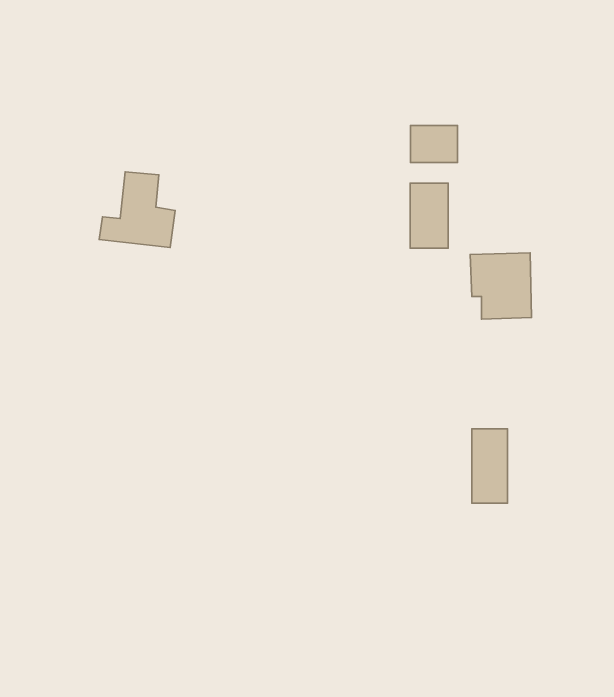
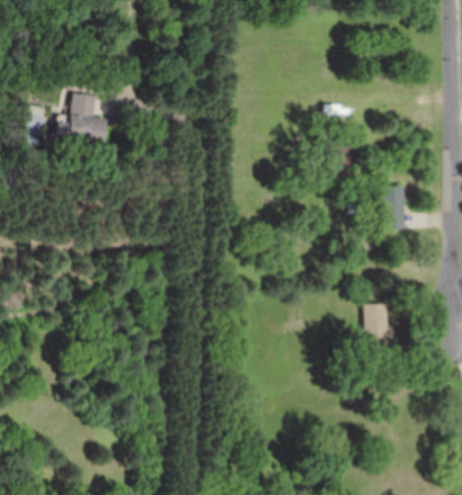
building: [99,172,175,248] -> [56,92,107,143]
building: [410,183,448,248] -> none

